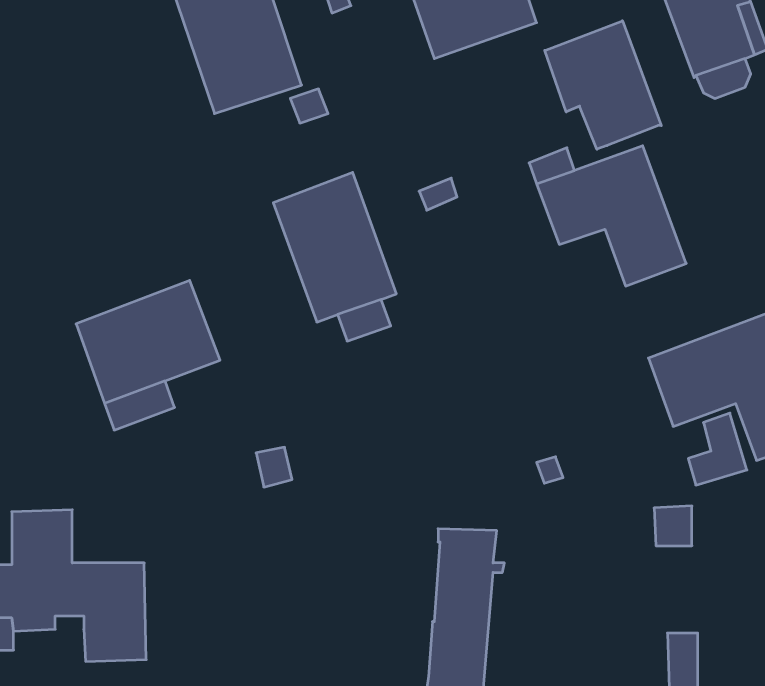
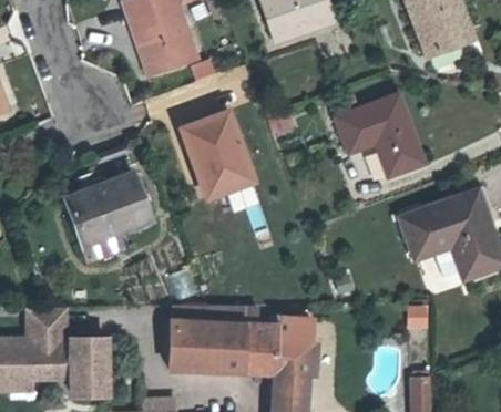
building: [545,21,661,149] -> none
building: none -> [167,305,278,372]

